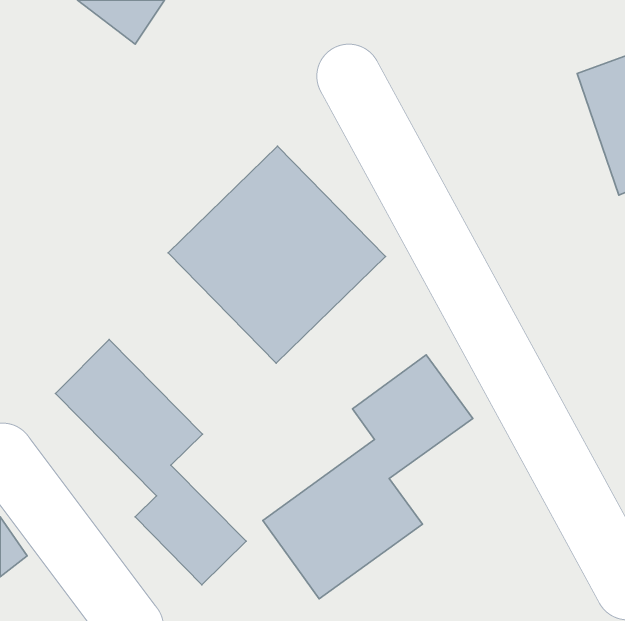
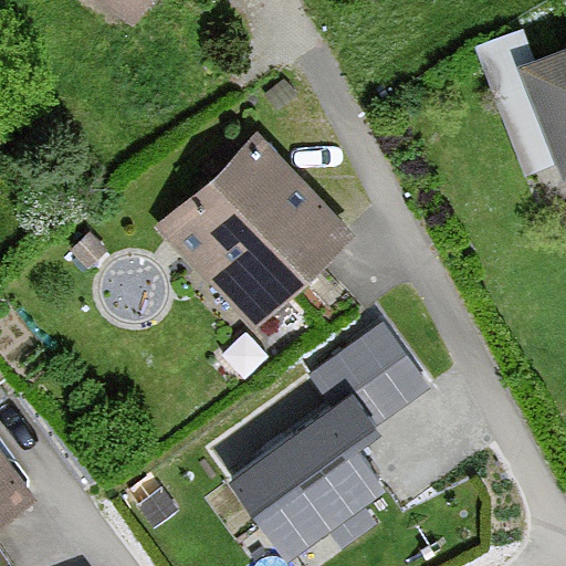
building: [55,339,246,585] -> none

